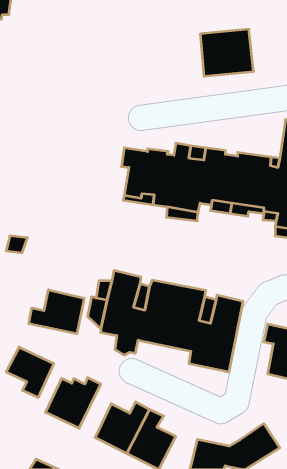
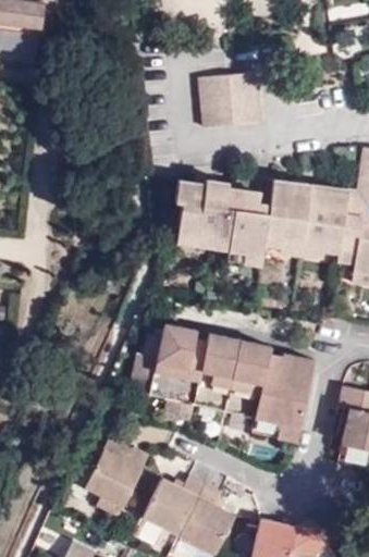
building: [200,29,254,76] -> [202,75,265,129]
building: [29,290,84,334] -> none
building: [6,347,54,397] -> none

